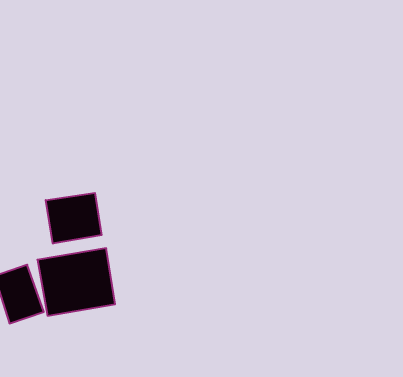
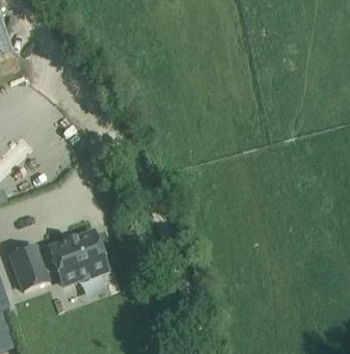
building: [46,193,102,244] -> none

